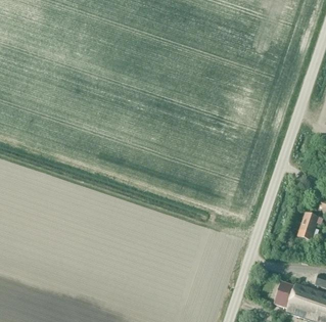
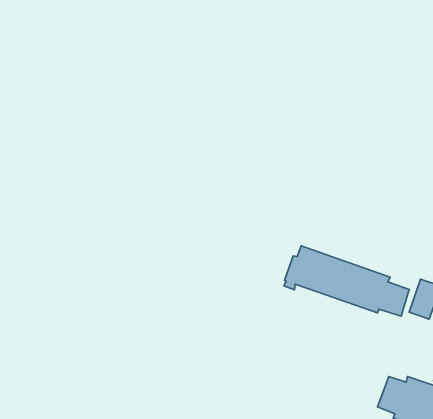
building: none -> [284,246,409,316]

